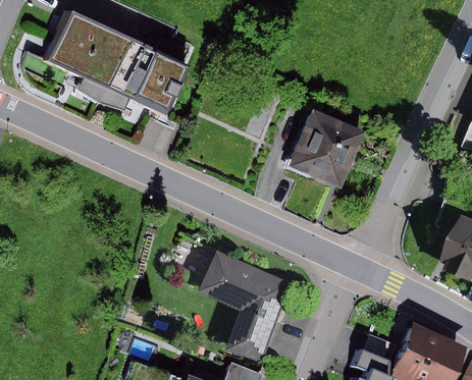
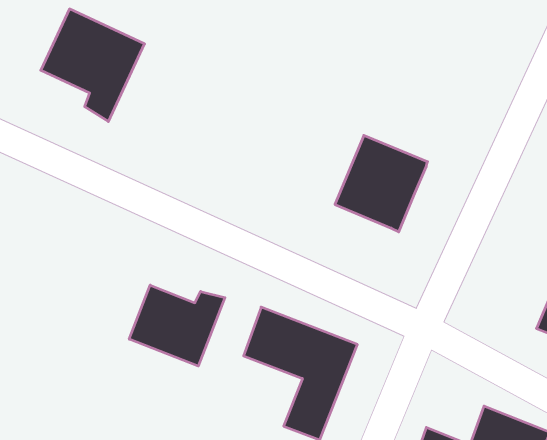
building: [100,38,187,113] -> none
building: none -> [129,285,225,366]

